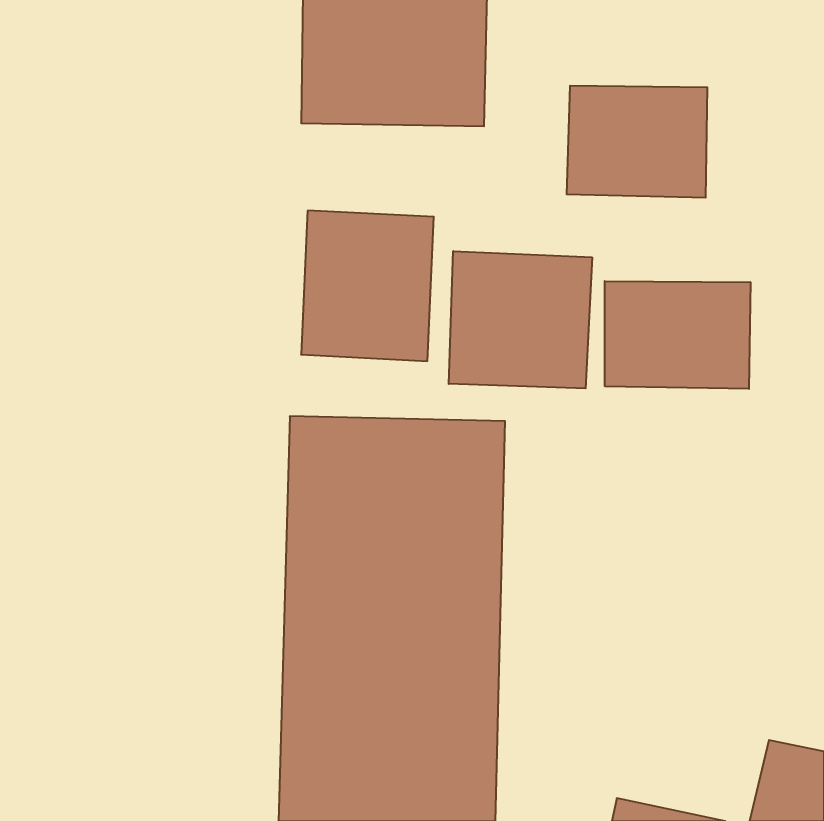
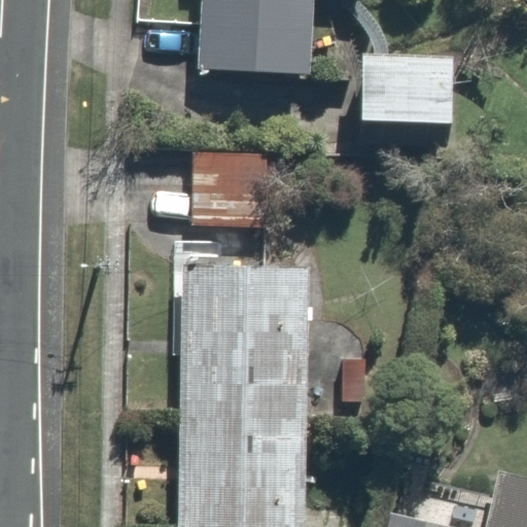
building: [449,251,592,388] -> none
building: [605,281,750,389] -> none

